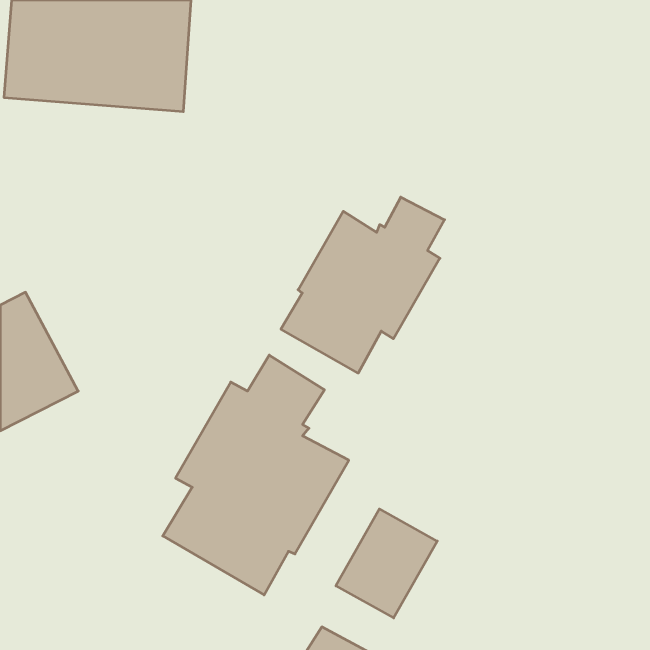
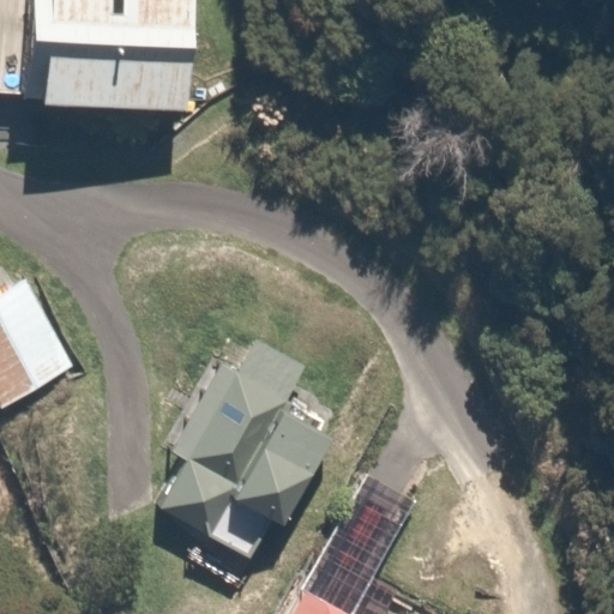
building: [281,197,445,373] -> none

